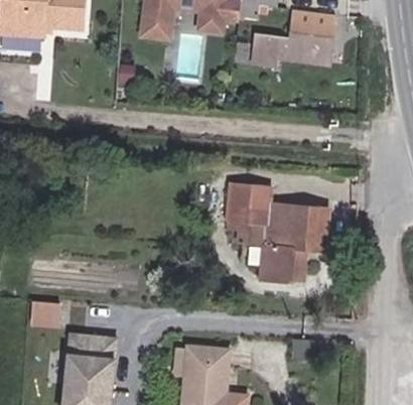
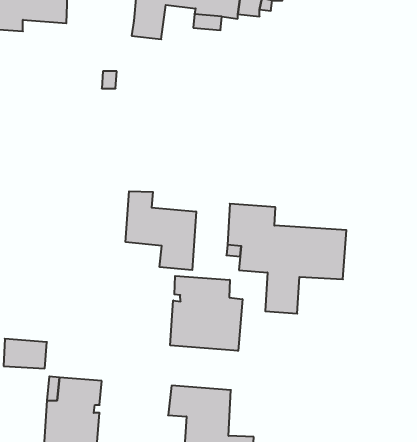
building: [250,9,333,66] -> none
building: none -> [126,191,196,270]
building: none -> [170,276,242,351]

